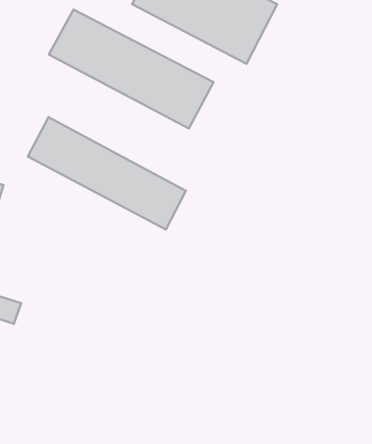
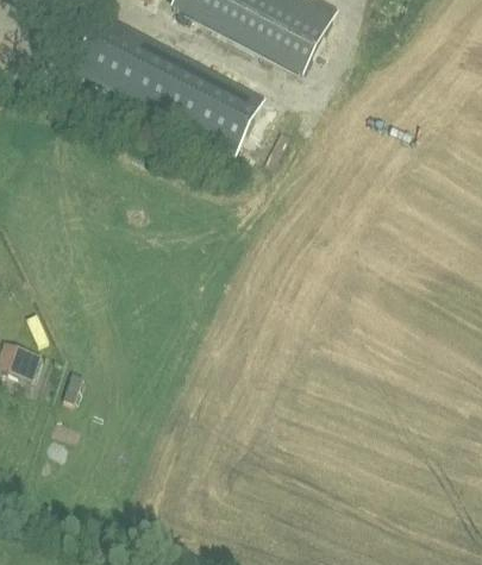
building: [28,117,186,230] -> none

